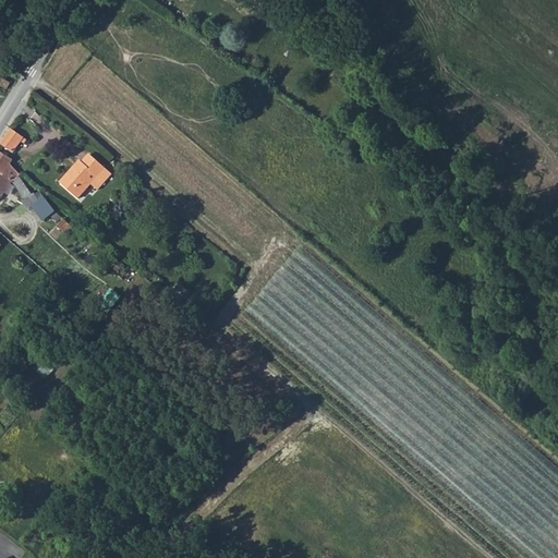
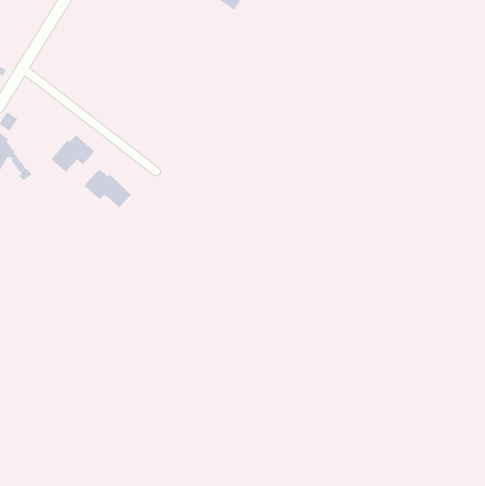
building: none -> [84,169,132,208]

